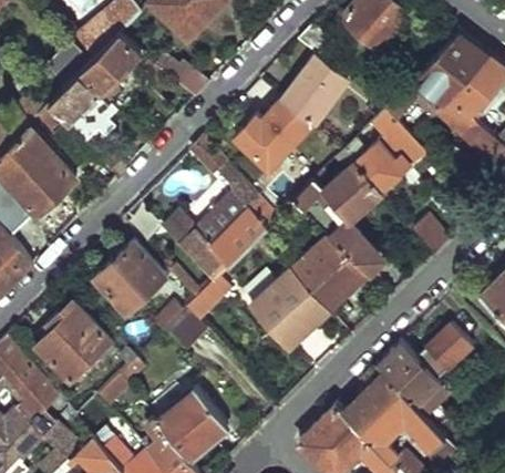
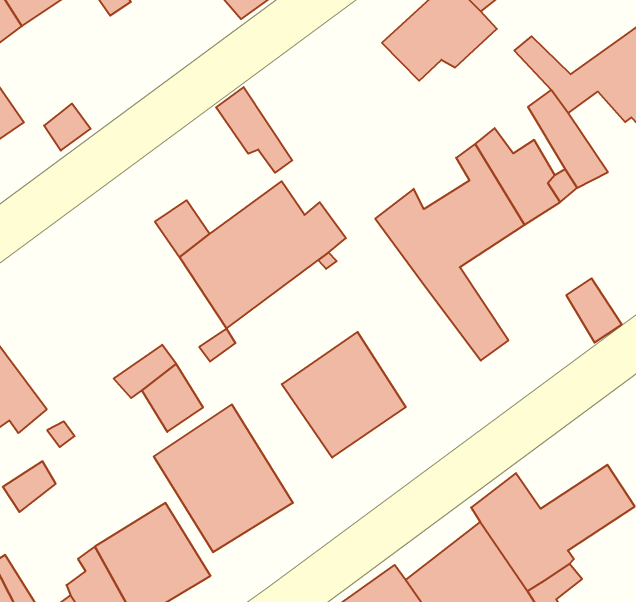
building: [235,97,311,169] -> none
building: [293,238,369,310] -> none
building: [95,239,167,311] -> none
building: none -> [154,404,293,552]

